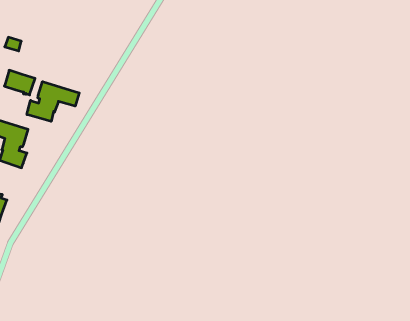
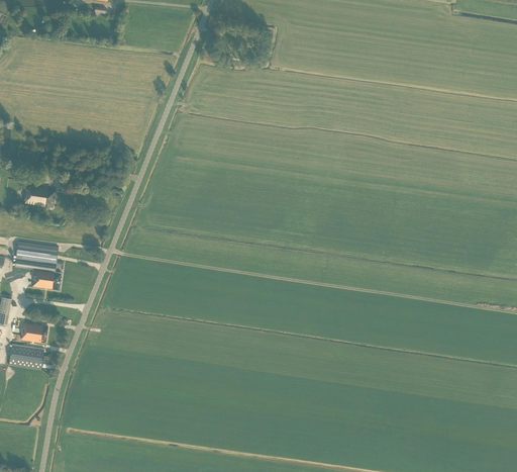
building: [27,82,79,121] -> none

